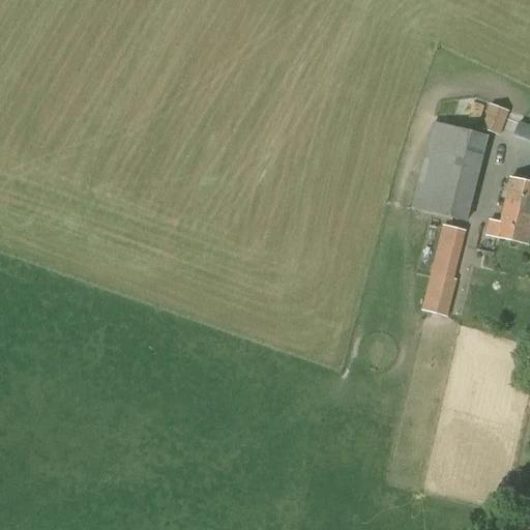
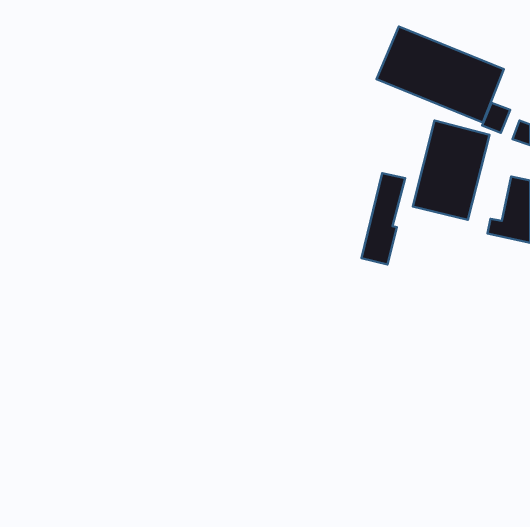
building: none -> [377,27,504,123]
building: [422,224,466,315] -> [362,173,405,264]

